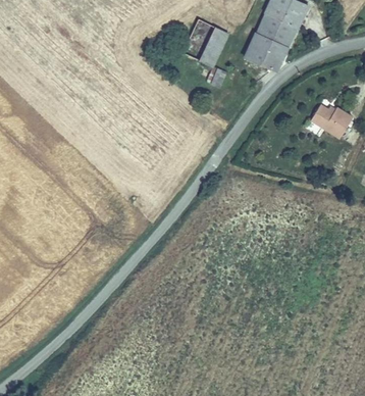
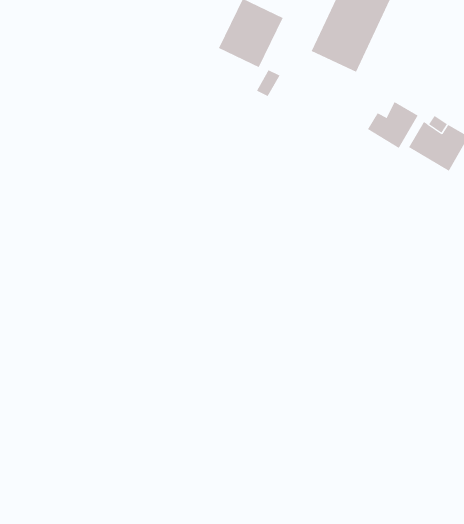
building: none -> [367,101,418,149]

